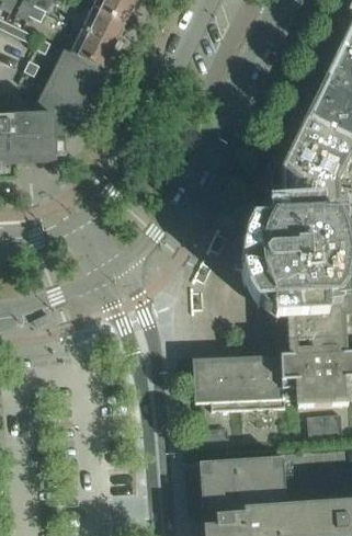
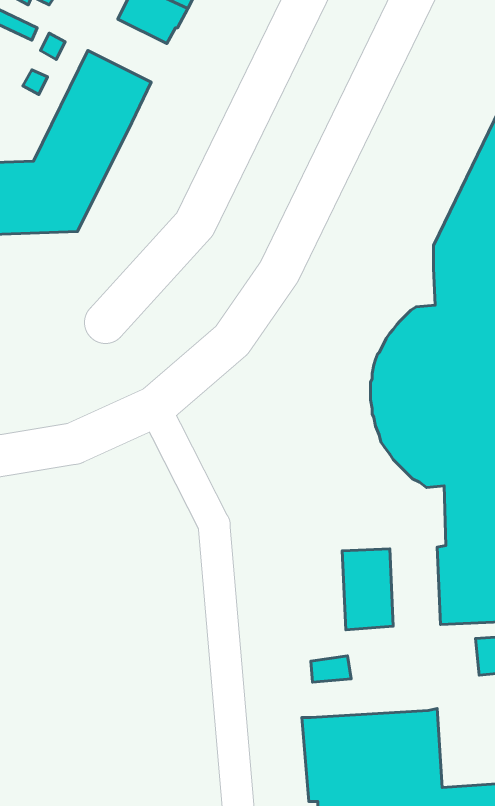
building: [73,26,114,64] -> none
building: [253,356,285,406] -> none
building: [193,358,226,408] -> none

